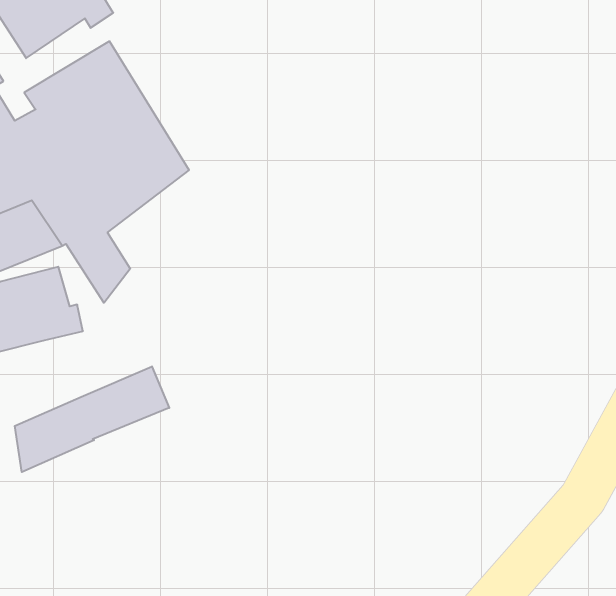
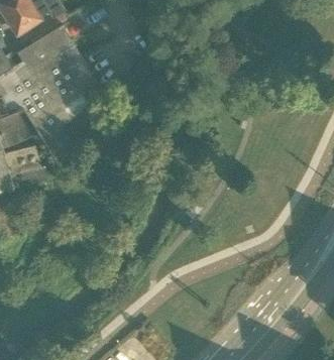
building: [15,366,169,472] -> none

